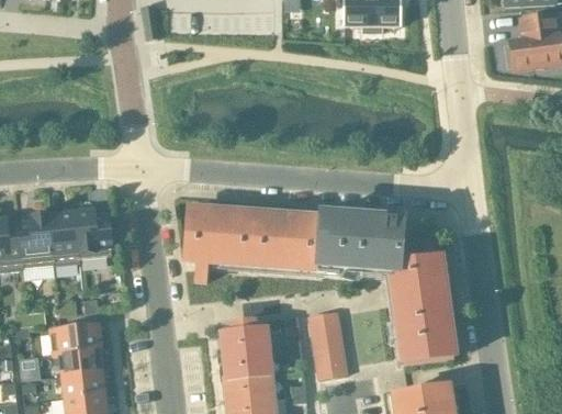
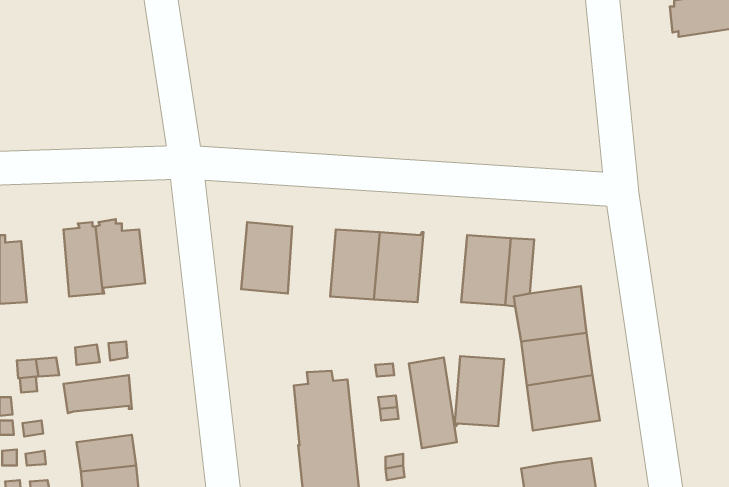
building: [18,211,54,269] -> none
building: [218,212,255,265] -> none
building: [316,216,353,269] -> [454,356,504,426]
building: [57,347,101,374] -> none

